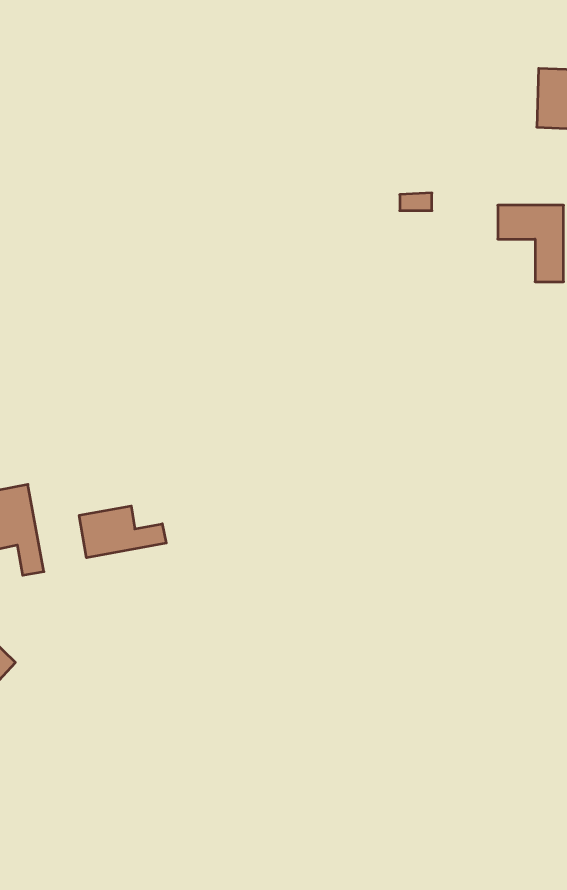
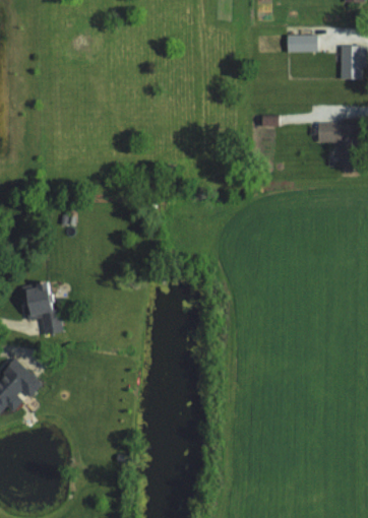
building: none -> [286,34,318,52]
building: [79,506,166,558] -> none

